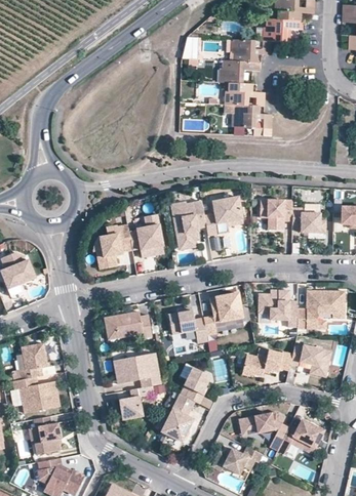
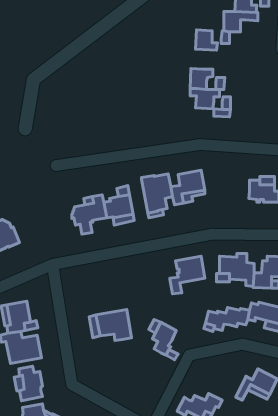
building: [221,61,259,84] -> none
building: [260,200,292,230] -> none
building: [168,311,207,343] -> none
building: [104,312,151,338] -> none
building: [119,386,152,419] -> none
building: [161,395,194,442] -> none
building: [240,412,287,451] -> none

